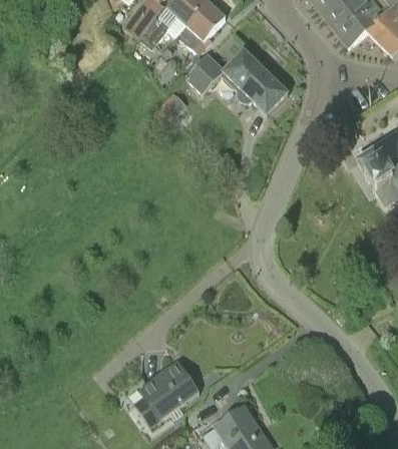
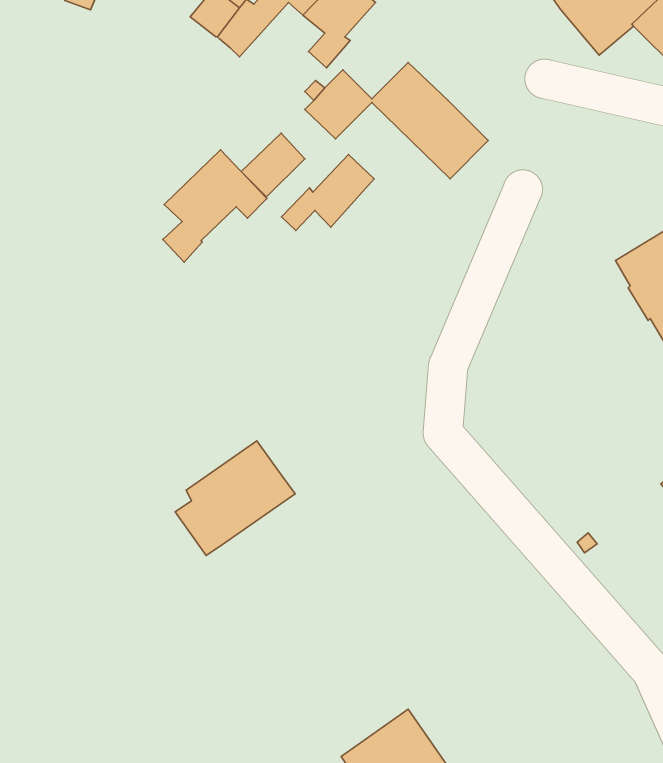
building: none -> [163,150,267,262]
building: none -> [281,154,374,230]
building: [133,362,200,425] -> [175,441,295,555]

